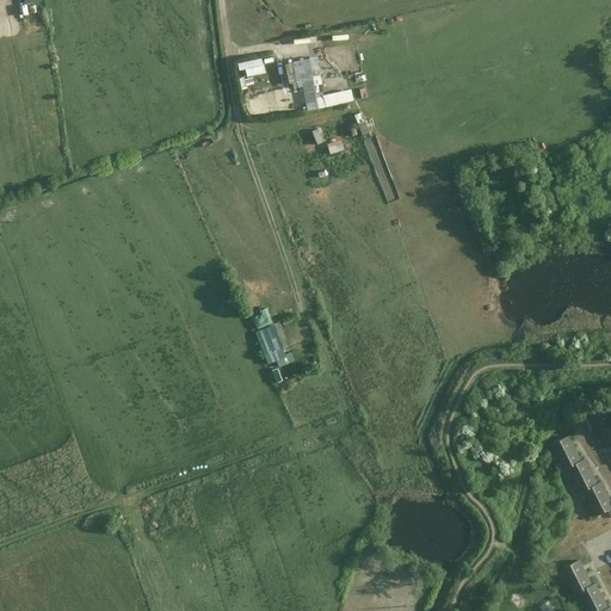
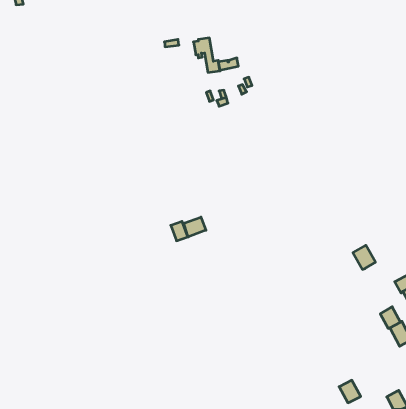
building: none -> [184,217,206,237]
building: [554,431,587,467] -> [353,245,375,269]
building: [564,556,597,590] -> [339,380,361,403]

